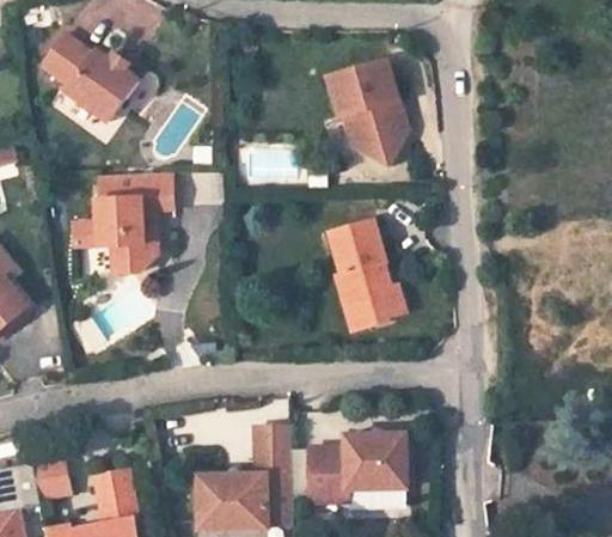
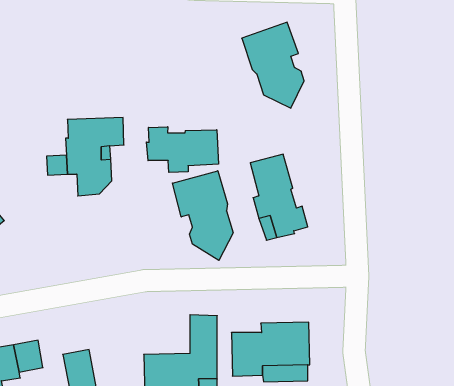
building: [38,33,135,120] -> none
building: none -> [146,127,218,172]
building: none -> [172,171,233,260]

